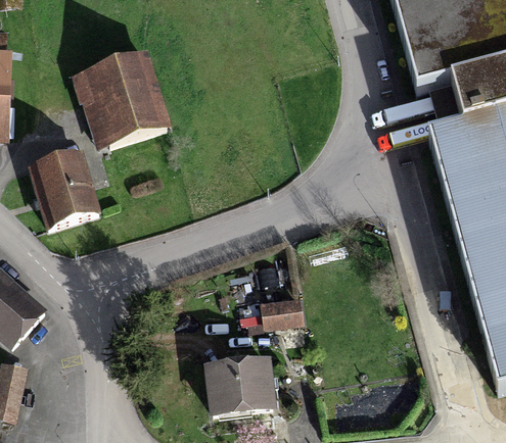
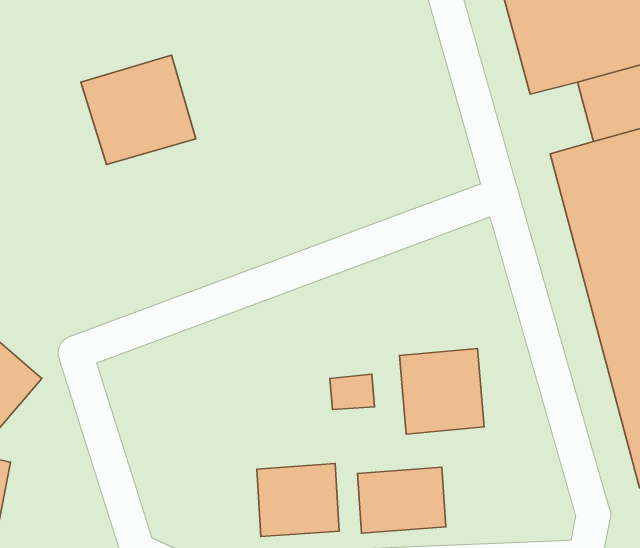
building: [38,155,96,223] -> none
building: none -> [400,349,484,434]
building: none -> [358,467,446,533]

